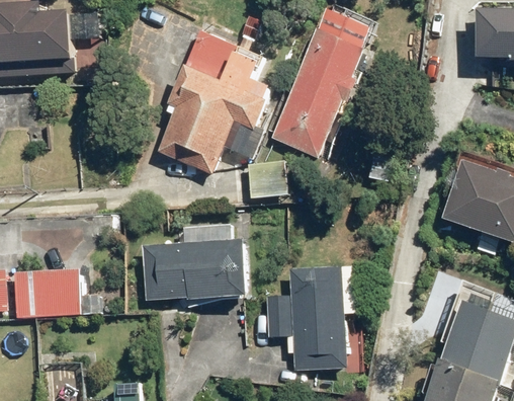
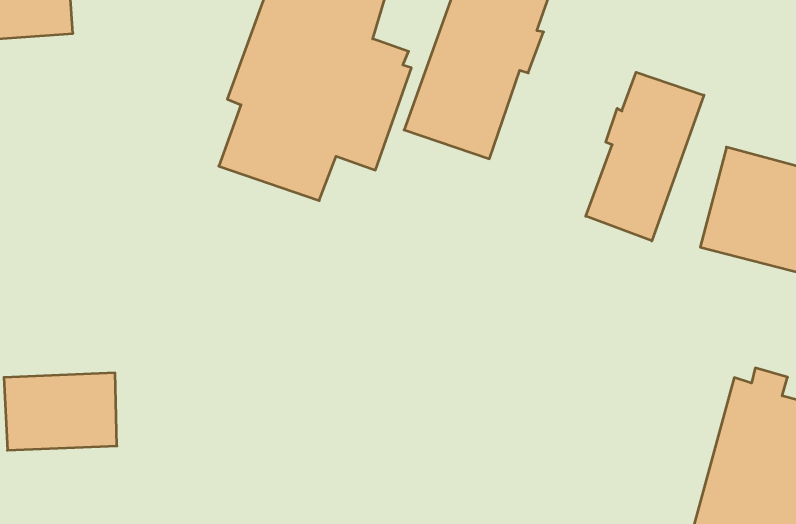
building: none -> [586,72,704,241]
building: [140,239,246,300] -> none
building: [262,266,358,371] -> none

